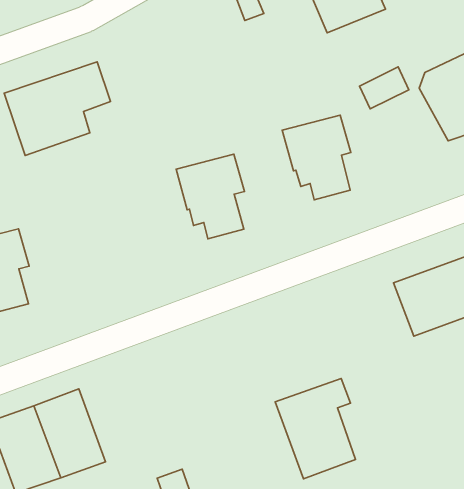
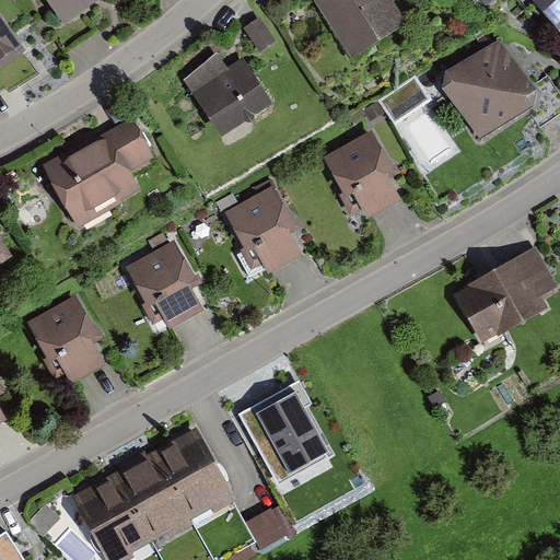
building: none -> [188,55,277,141]
building: none -> [129,243,208,334]
building: none -> [160,422,240,513]
building: [275,378,356,479] -> [242,378,330,483]

